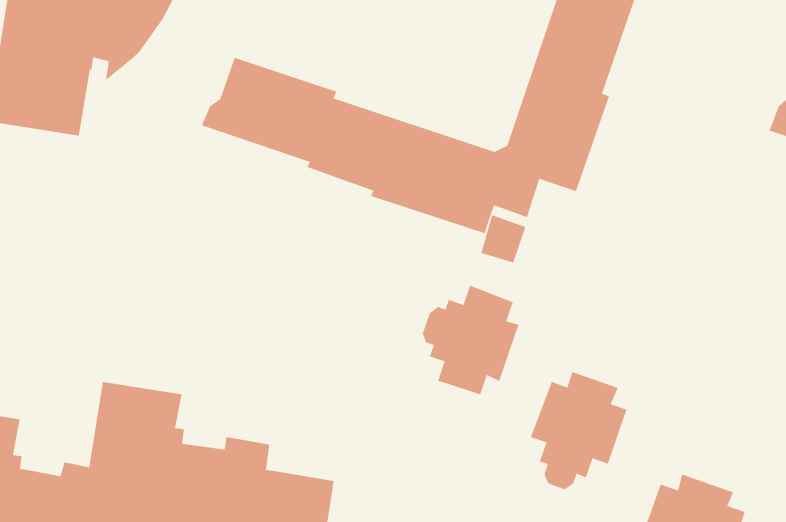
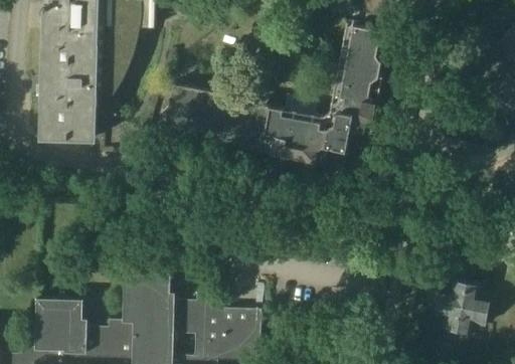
building: [422,285,519,395] -> none
building: [530,371,627,490] -> none

